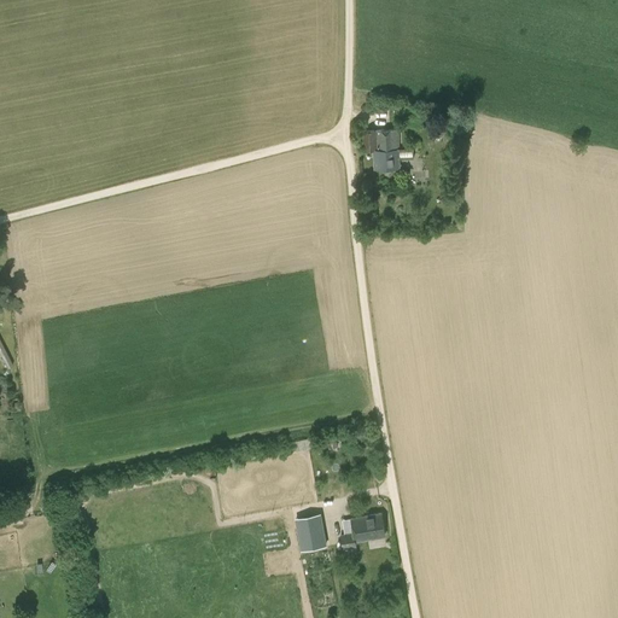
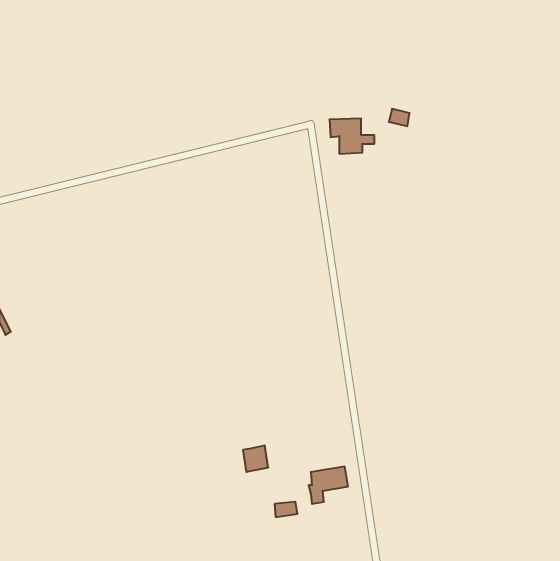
building: [296,521,323,550] -> [243,446,268,472]

